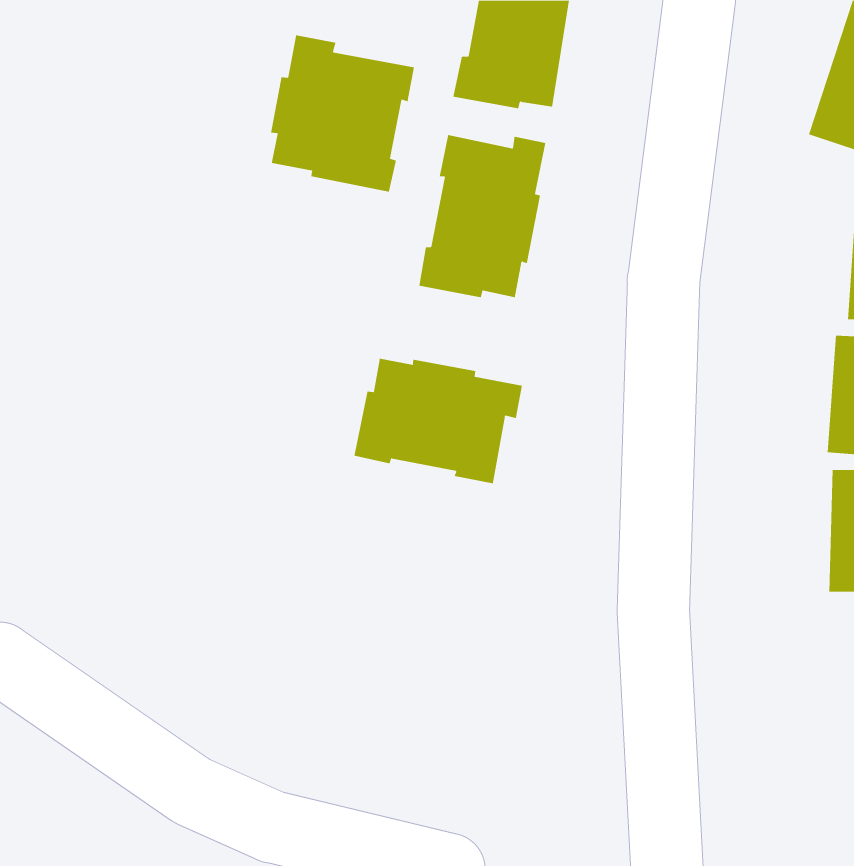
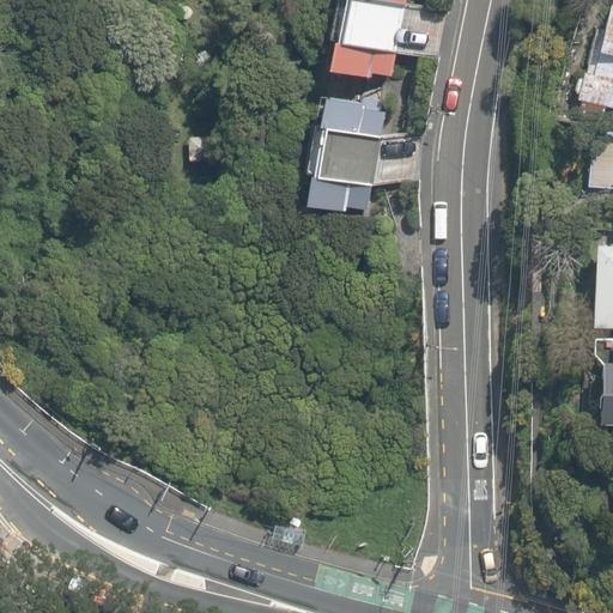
building: [270,35,415,192] -> none
building: [354,358,522,484] -> none

